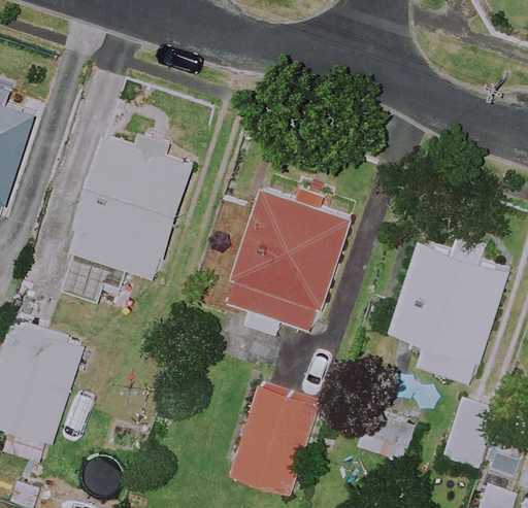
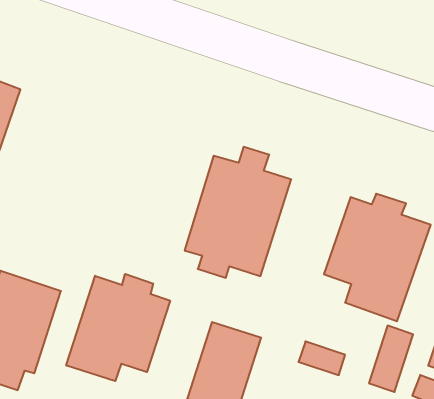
building: [54,134,193,309] -> none
building: none -> [66,274,170,381]

